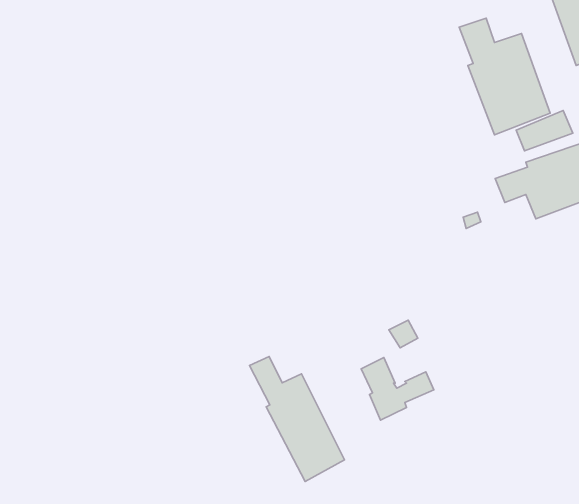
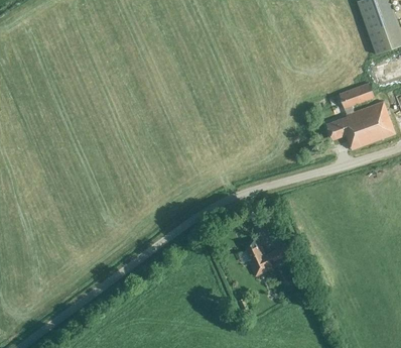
building: [459,18,550,135] -> none
building: [250,357,345,481] -> none

